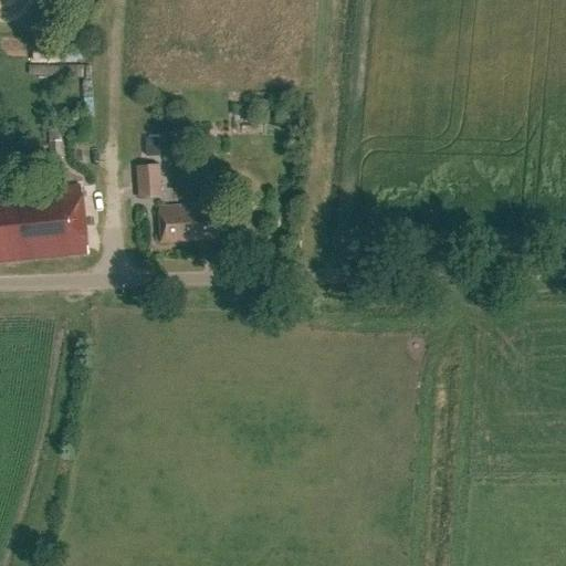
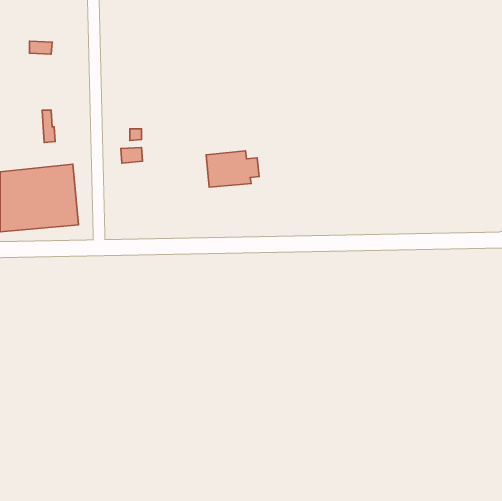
building: [158,203,218,244] -> [206,151,259,187]

